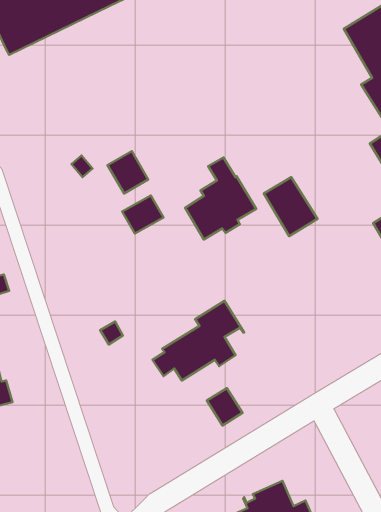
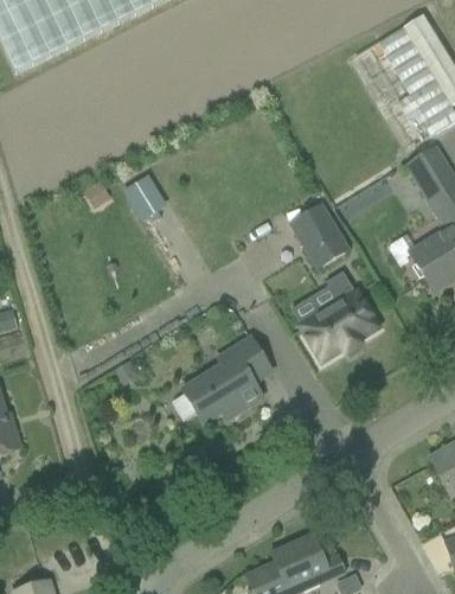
building: [185,158,256,239] -> [302,269,379,358]
building: [122,195,163,234] -> none
building: [207,388,243,425] -> none

